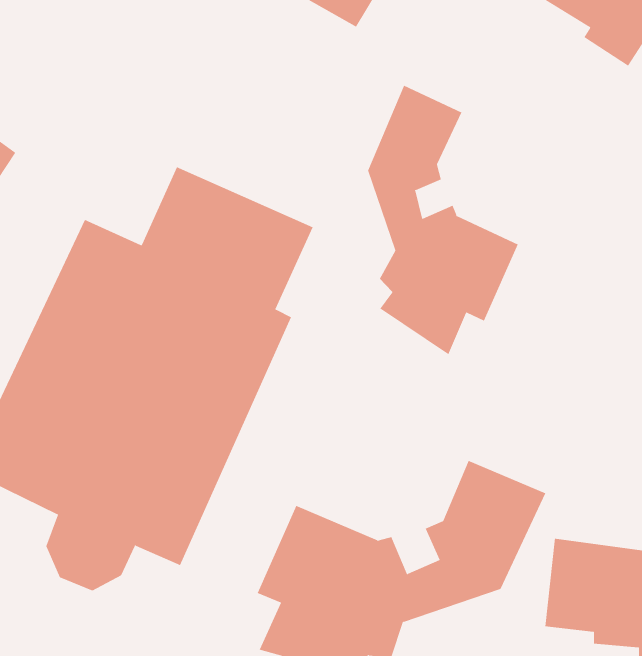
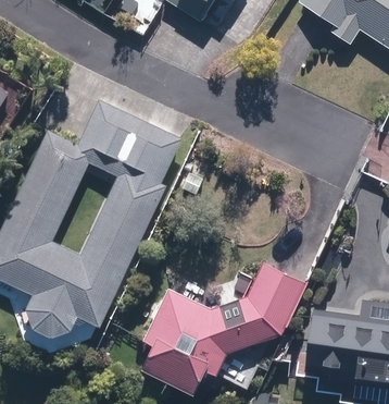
building: [367,85,518,355] -> none

